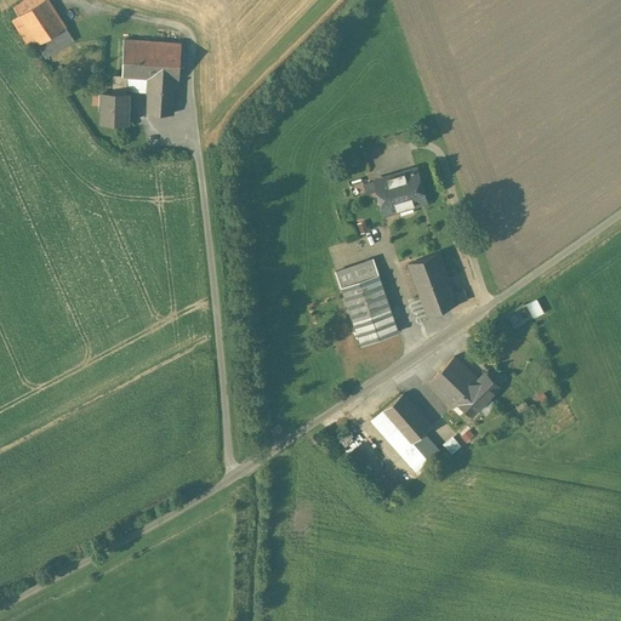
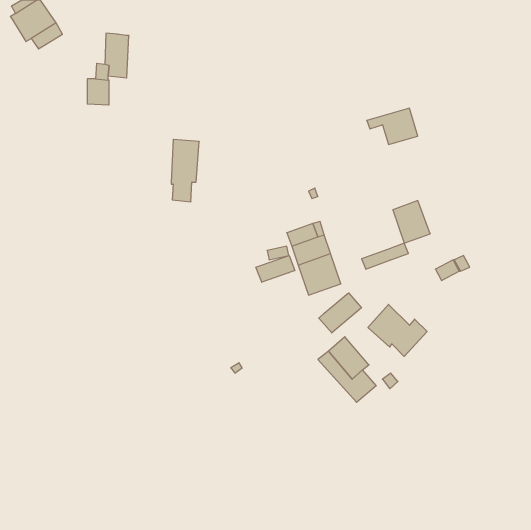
building: [148,42,181,115] -> [171,139,199,202]
building: [363,171,422,213] -> [367,108,418,144]
building: [409,253,452,303] -> [393,201,430,243]
building: none -> [256,256,295,282]
building: none -> [319,293,361,333]

